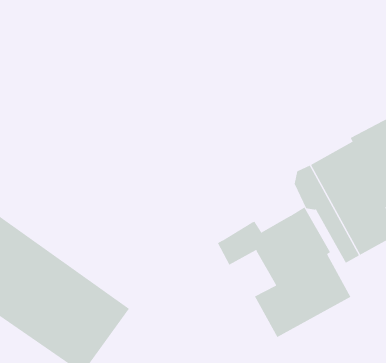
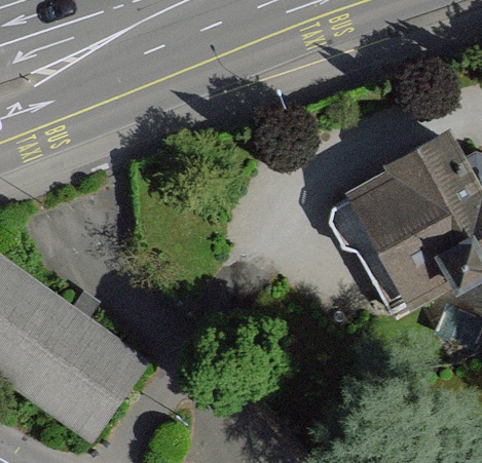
building: [217,206,351,338] -> none

